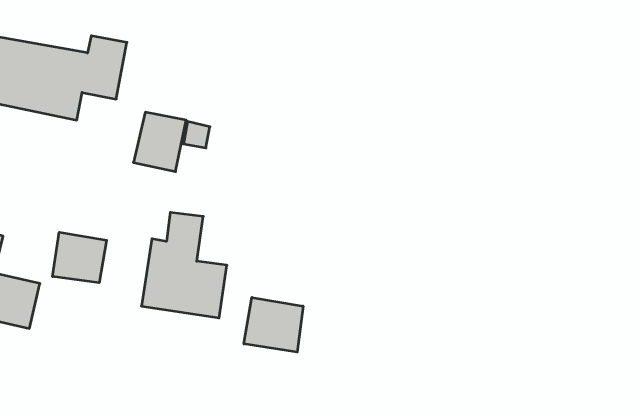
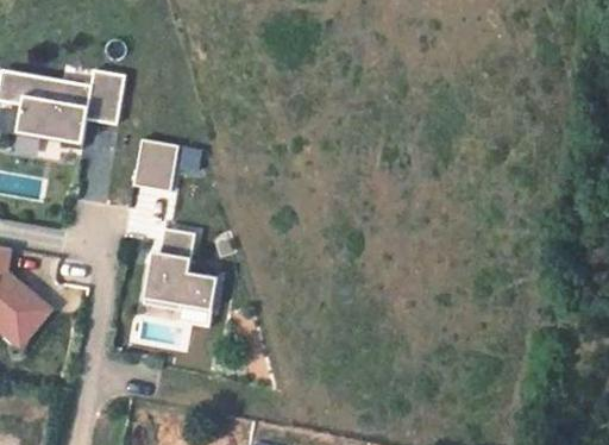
building: [53,232,107,283] -> none
building: [244,297,303,352] -> none

